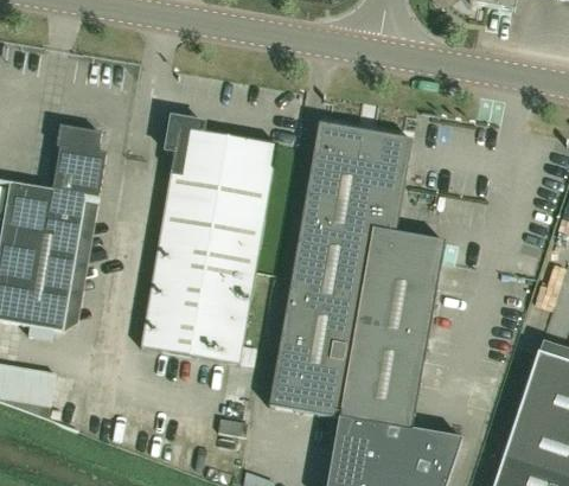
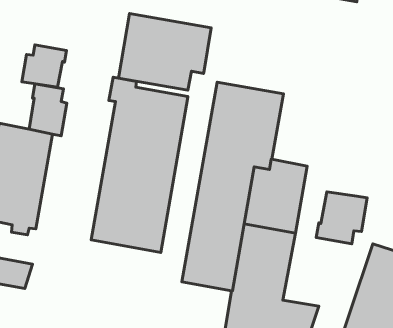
building: none -> [118,14,211,90]
building: none -> [22,45,66,87]
building: none -> [316,192,367,244]

